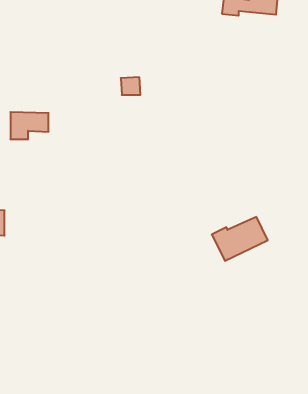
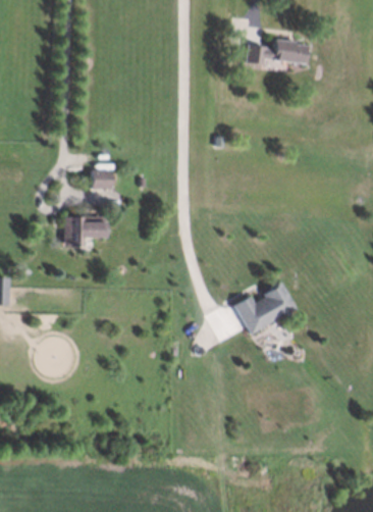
building: [121,77,140,95] -> [92,169,113,189]
building: [10,112,49,139] -> [64,216,106,246]

